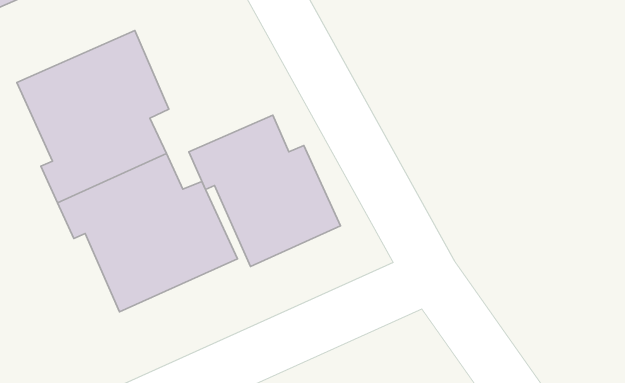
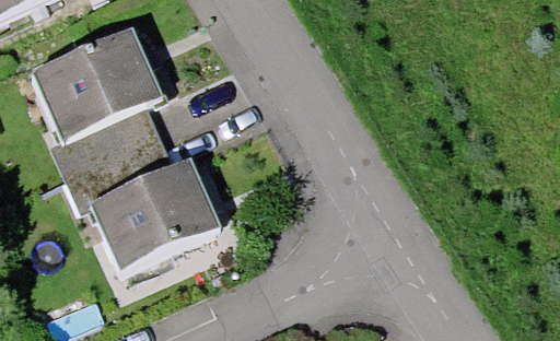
building: [189,115,340,267] -> none

